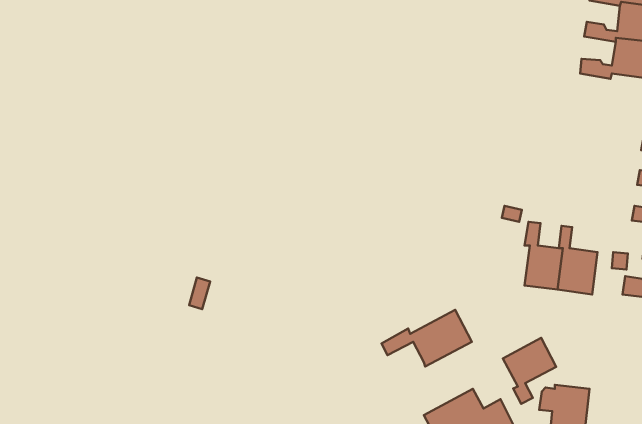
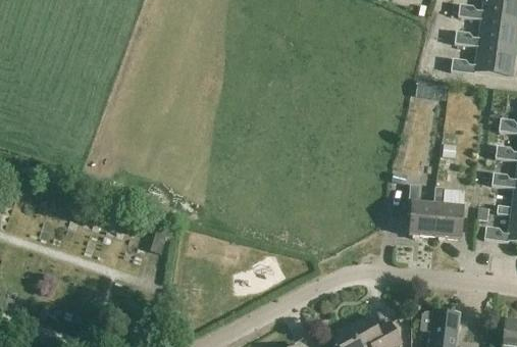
building: [382,310,472,366] -> none
building: [503,338,556,404] -> none

